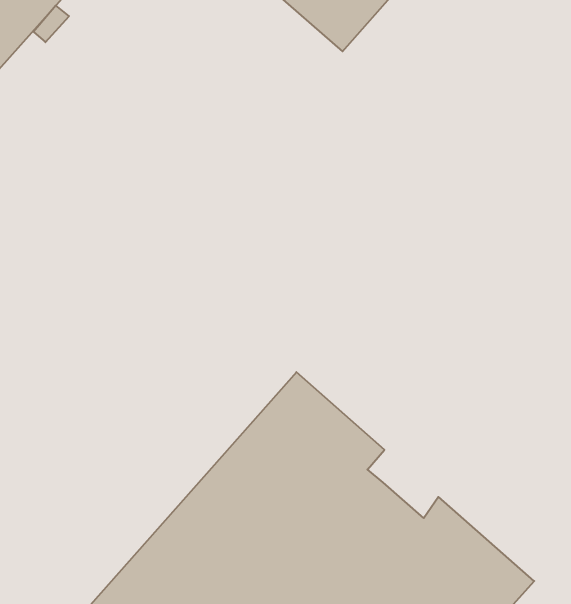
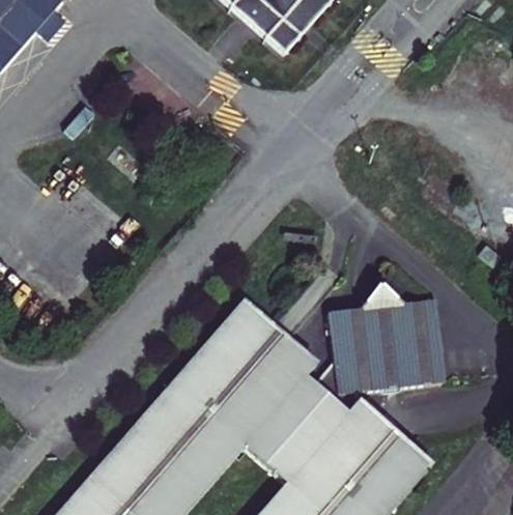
building: none -> [314,287,446,414]

